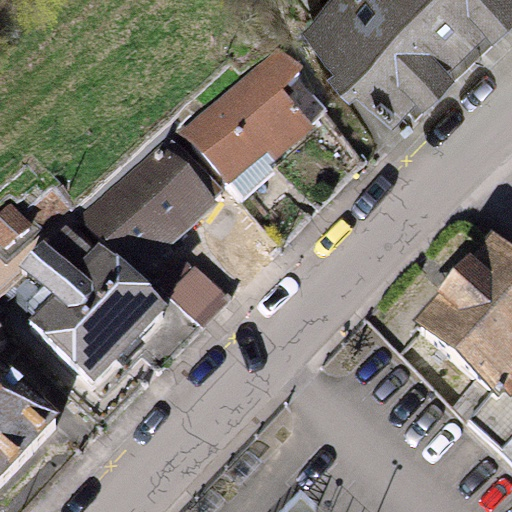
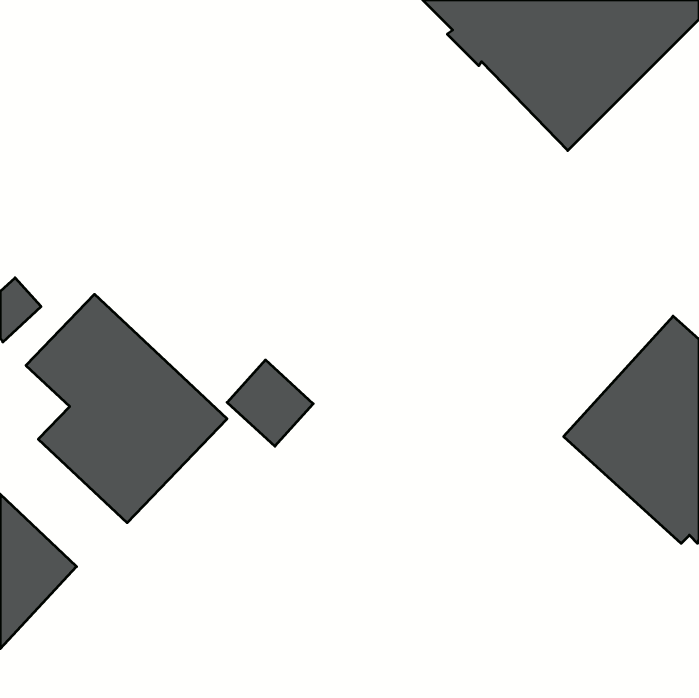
building: [178,44,327,202] -> none
building: [84,143,215,274] -> none

